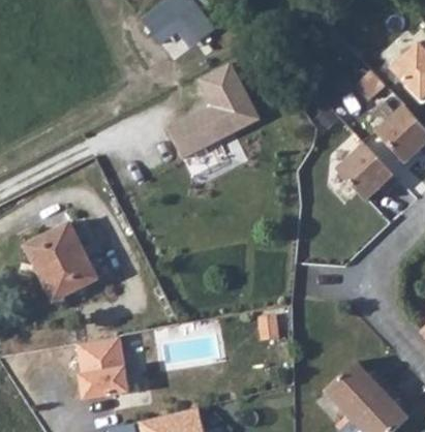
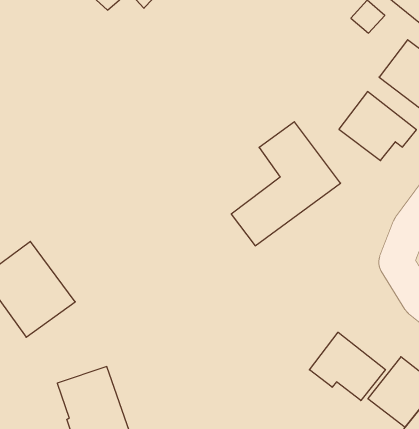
building: [172,67,265,163] -> [231,122,341,246]
building: none -> [309,332,385,401]

